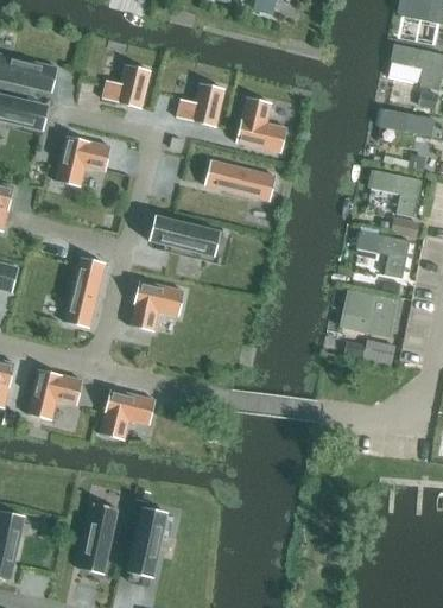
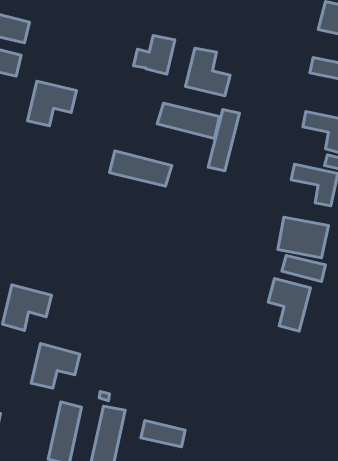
building: [101,64,150,108] -> none
building: none -> [208,110,240,171]
building: [63,256,105,328] -> none
building: [128,280,183,331] -> none
building: none -> [268,278,310,331]
building: [99,388,154,439] -> [31,344,80,388]
building: none -> [141,420,185,447]

